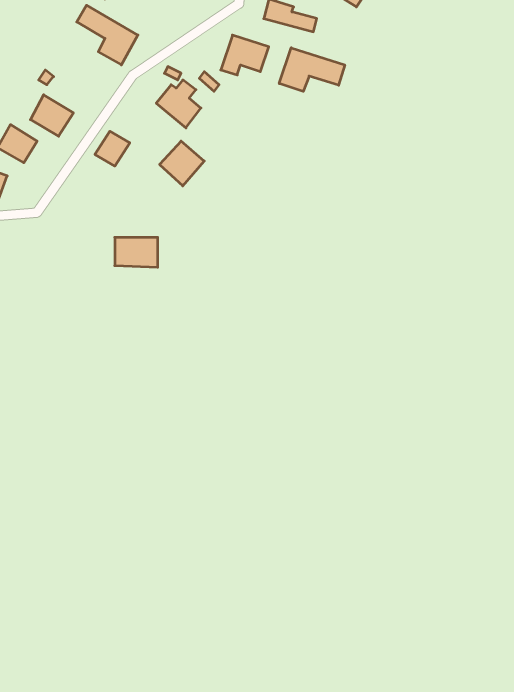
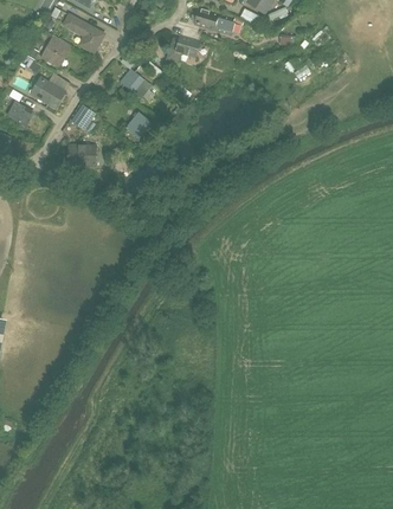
building: none -> [41,32,75,67]
building: [279,48,345,91] -> none
building: [115,237,158,267] -> [64,144,95,166]

